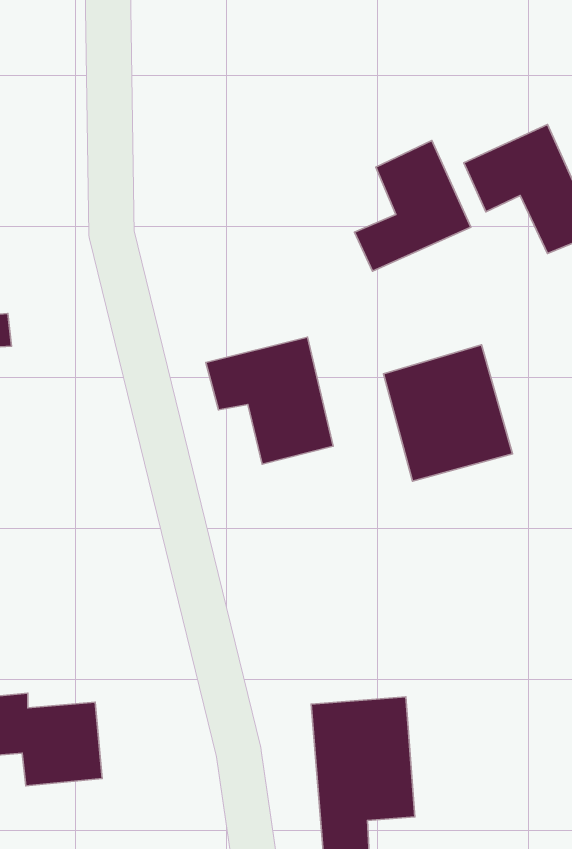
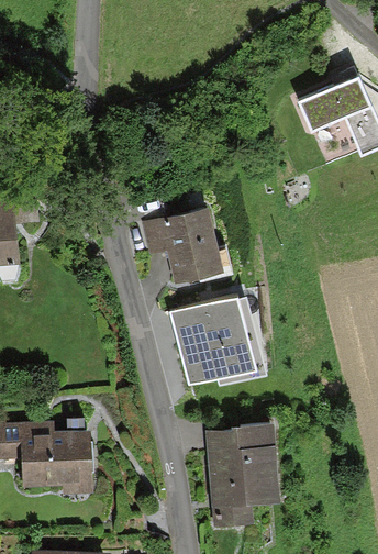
building: [355,140,471,271] -> none
building: [383,345,512,481] -> [174,301,252,384]

